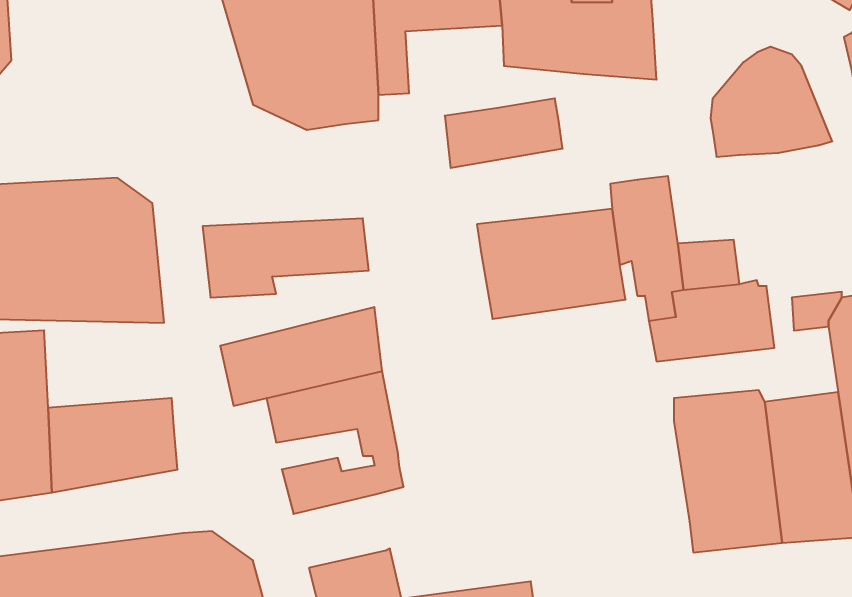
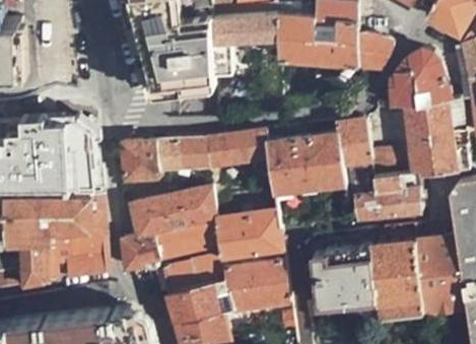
building: none -> [358,37,390,69]
building: [445,98,563,168] -> [206,132,268,168]
building: none -> [404,102,455,177]
building: none -> [39,200,106,240]
building: none -> [216,212,283,264]
building: none -> [124,235,160,272]
building: none -> [313,248,378,307]
building: none -> [225,263,290,313]
building: none -> [169,286,218,325]

